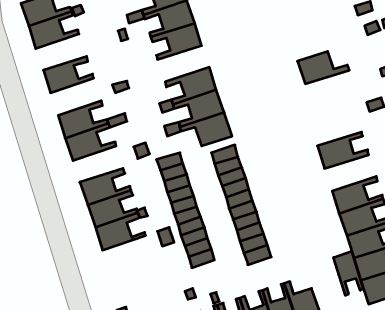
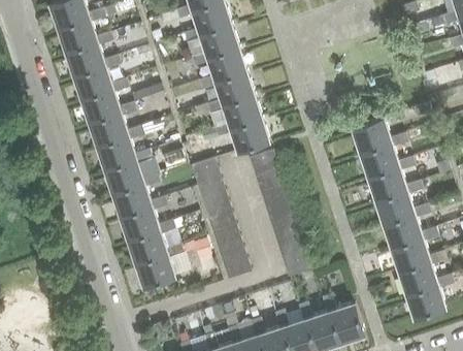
building: none -> [64,36,118,74]
building: none -> [192,49,246,87]
building: [297,51,349,84] -> [352,120,406,154]
building: none -> [79,83,133,122]
building: none -> [103,154,156,192]
building: none -> [367,163,422,201]
building: none -> [134,248,181,287]
building: [334,251,363,295] -> none

